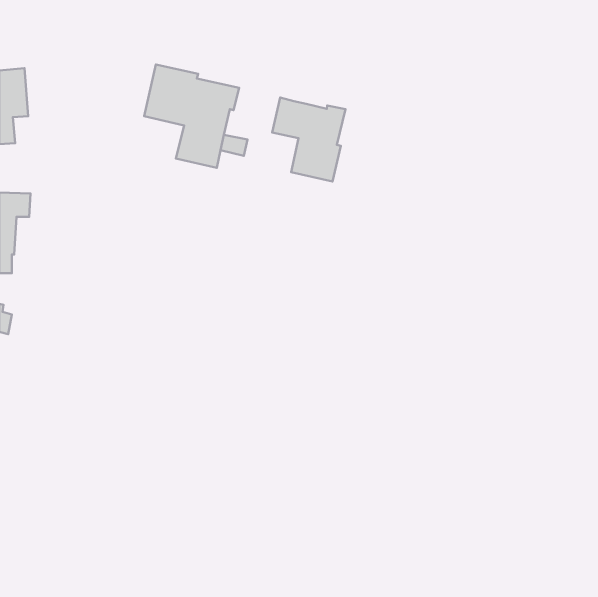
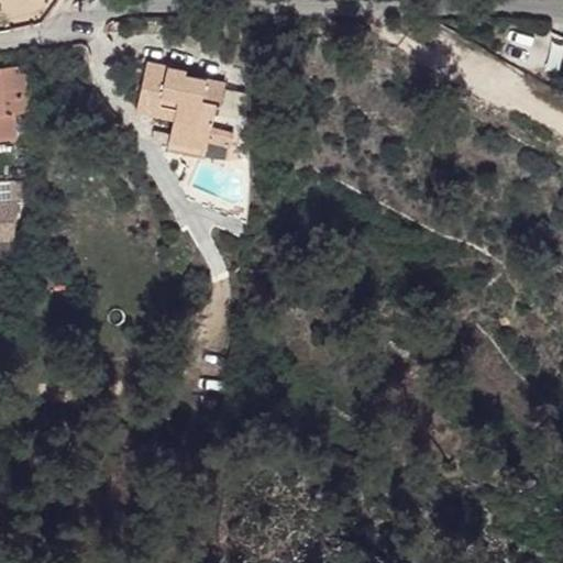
building: [272,98,345,182] -> none

